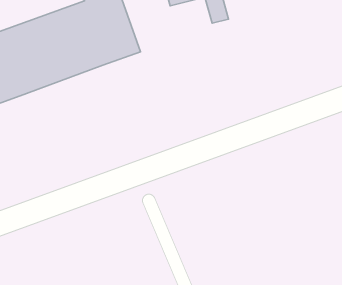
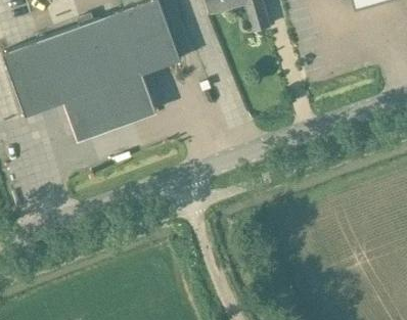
building: none -> [66,75,157,141]

